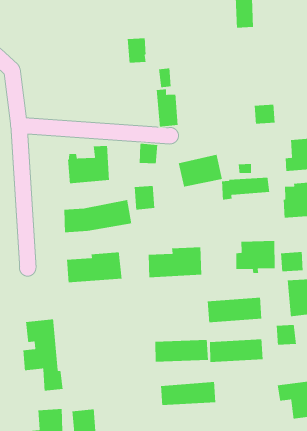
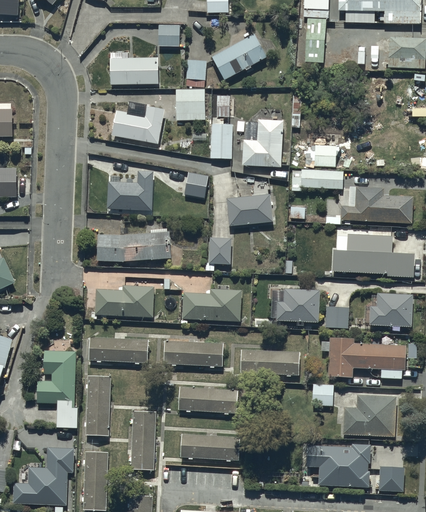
building: none -> [212,33,267,79]
building: none -> [158,24,179,46]
building: none -> [110,53,158,84]
building: none -> [175,89,204,120]
building: none -> [111,105,165,147]
building: none -> [241,119,283,166]
building: [221,177,270,200] -> [291,169,343,191]
building: [134,185,155,211] -> [209,237,231,263]
building: none -> [88,337,148,364]
building: none -> [85,374,110,435]
building: [209,338,263,363] -> [163,340,222,366]
building: none -> [131,410,154,469]

